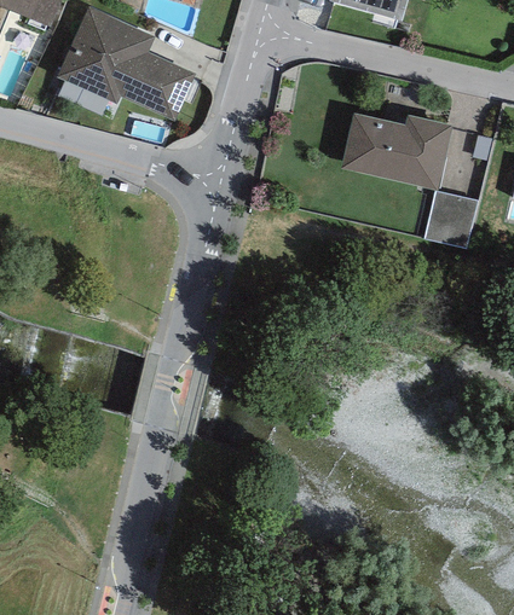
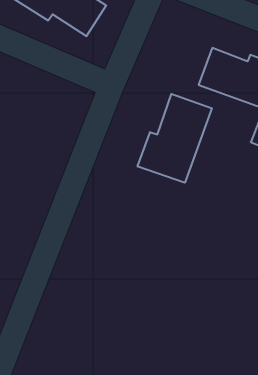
building: none -> [138,94,212,183]

